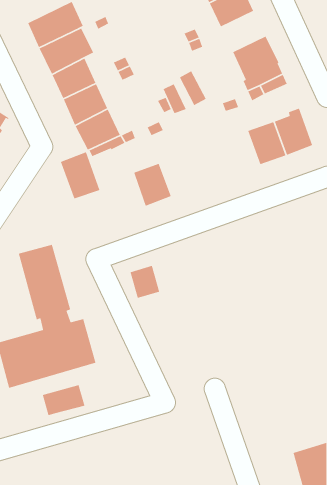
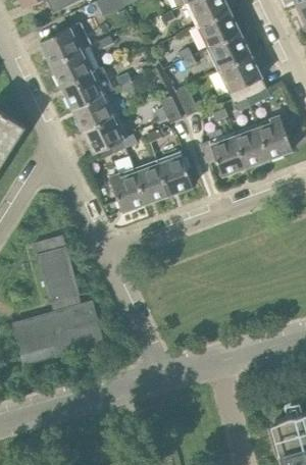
building: none -> [211,32,251,67]
building: none -> [201,137,246,175]
building: none -> [157,148,198,195]
building: [60,151,101,200] -> [109,169,145,212]
building: [129,265,160,299] -> none
building: [42,384,85,416] -> none

